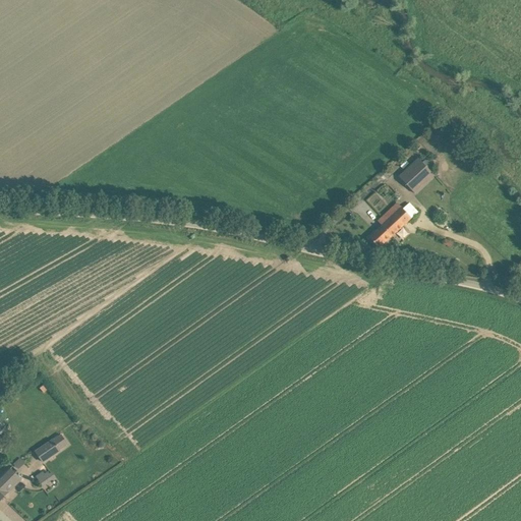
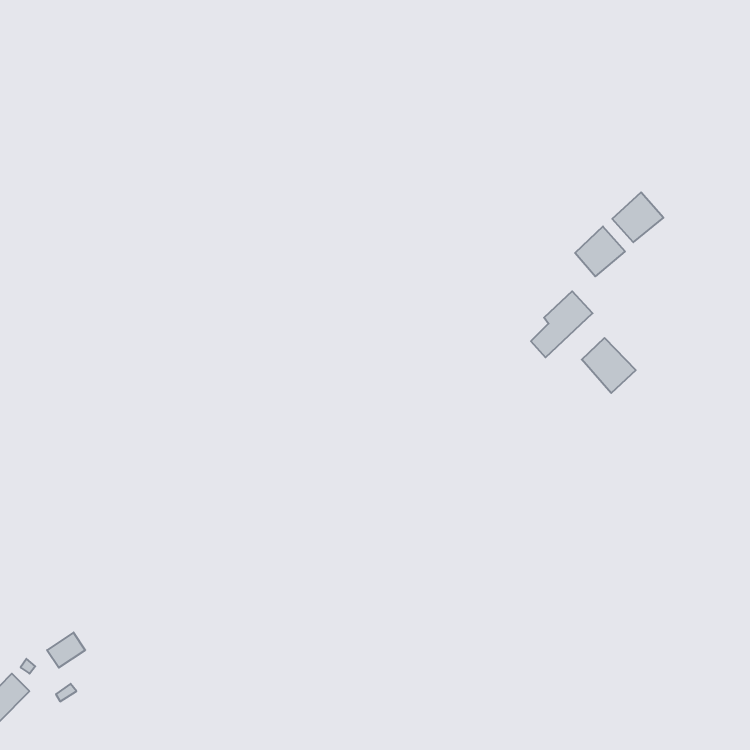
building: none -> [612,192,663,242]
building: none -> [582,338,636,393]

